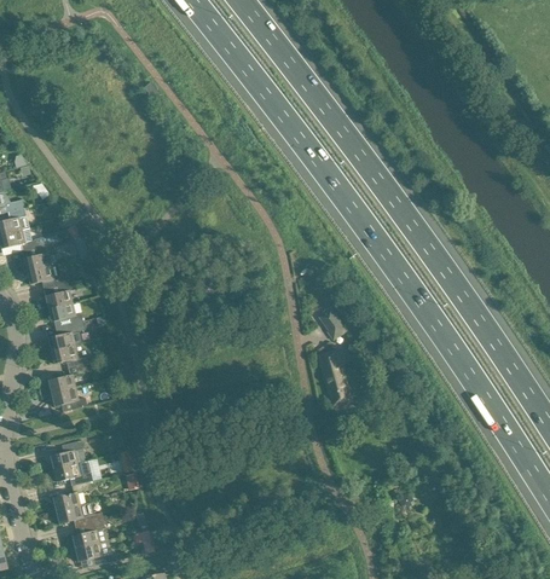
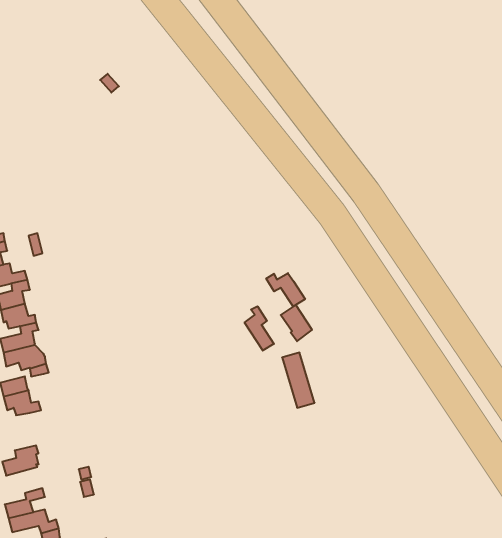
building: none -> [266,273,305,306]
building: none -> [245,306,274,351]
building: [53,461,92,486] -> none

